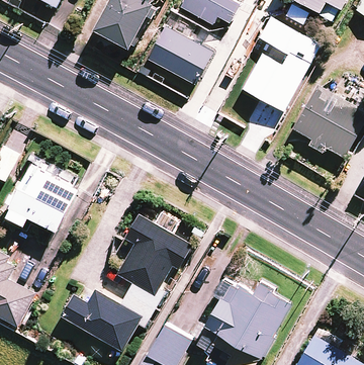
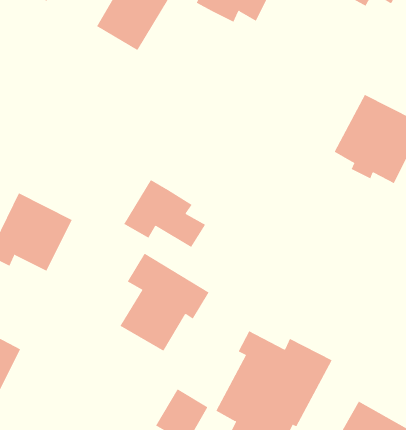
building: [152,16,209,81] -> none
building: [241,17,320,111] -> none
building: none -> [123,179,206,248]
building: [60,291,140,351] -> none

